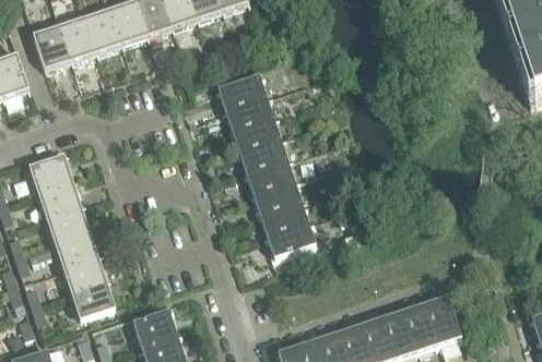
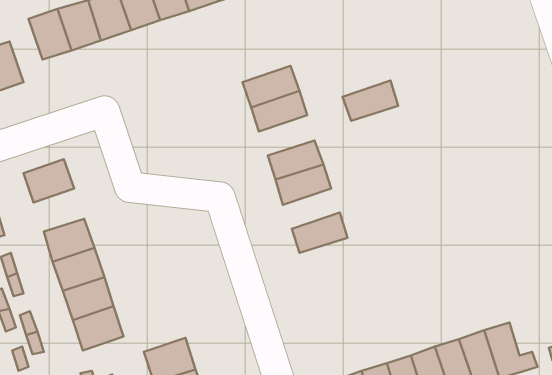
building: [232,117,280,152] -> [342,80,398,121]
building: [37,180,81,217] -> none
building: [252,180,302,215] -> none
building: [267,222,316,257] -> none

